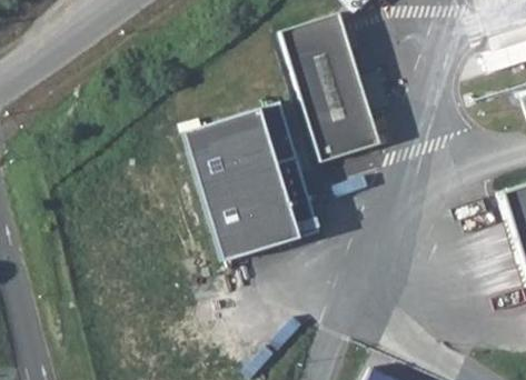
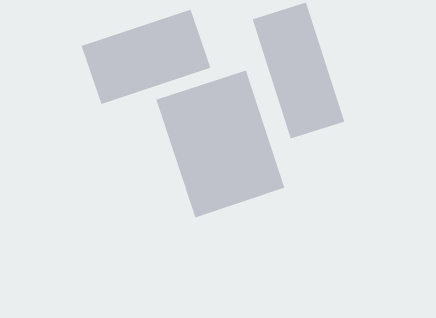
building: none -> [81,9,211,105]

